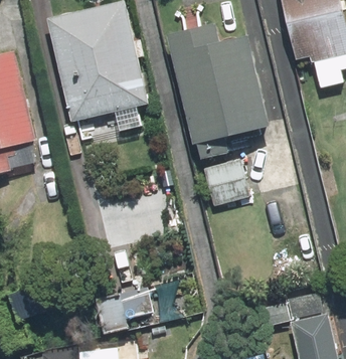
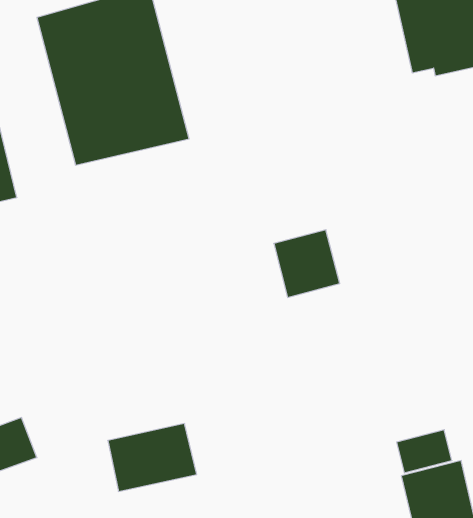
building: [168,25,270,145] -> none

